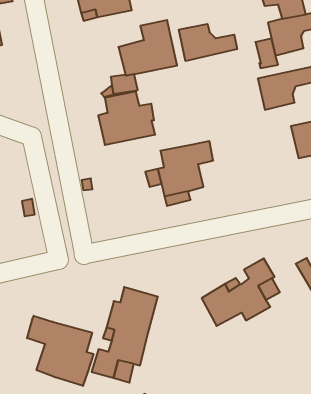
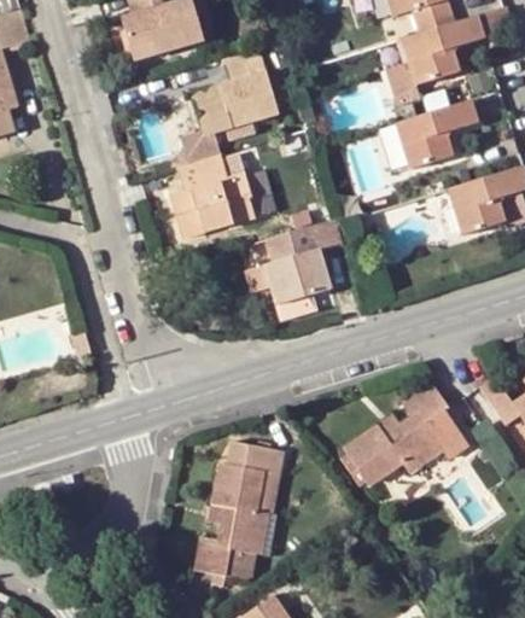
building: [179,24,237,61] -> none
building: [27,316,93,386] -> none

